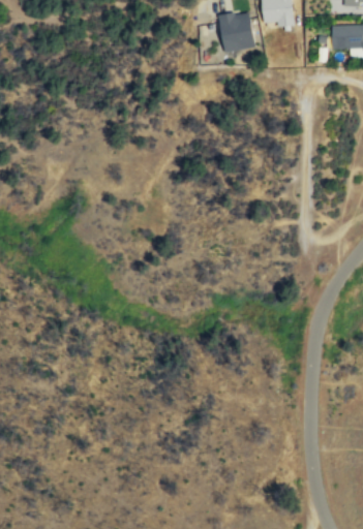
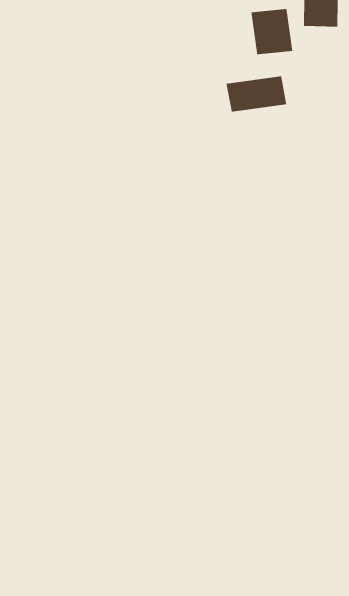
building: none -> [226,76,287,112]

